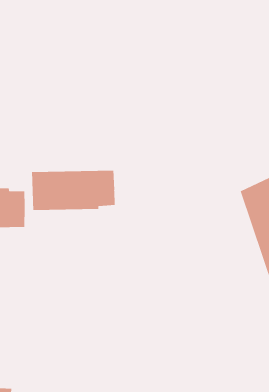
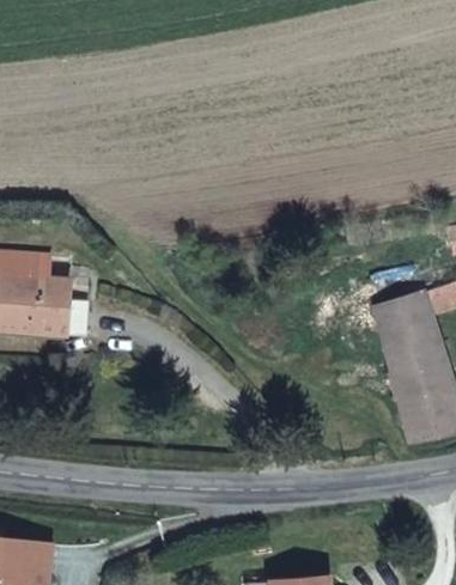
building: [32,170,115,211] -> none

